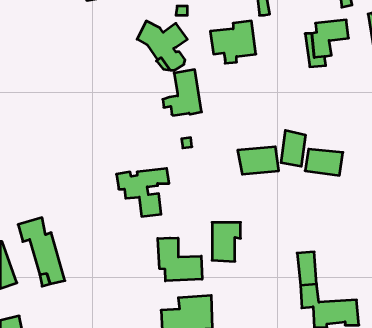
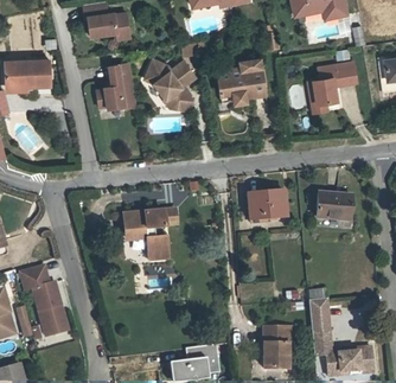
building: none -> [8,63,51,88]
building: [163,70,202,115] -> [95,63,135,110]
building: [281,130,305,166] -> none
building: [212,222,241,261] -> [263,328,293,369]
building: [158,238,202,281] -> none

